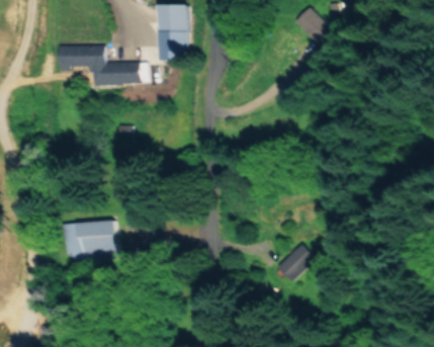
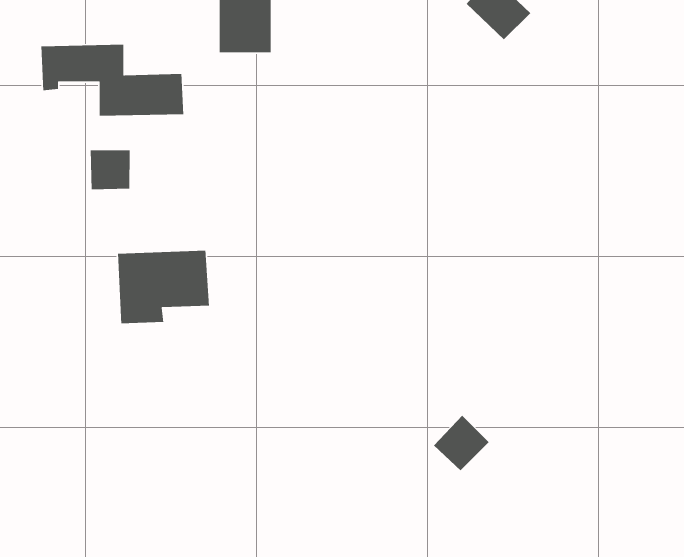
building: none -> [90,149,130,190]
building: [65,221,116,262] -> [117,250,210,324]

